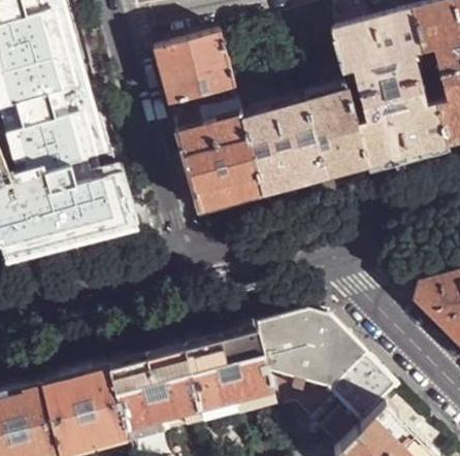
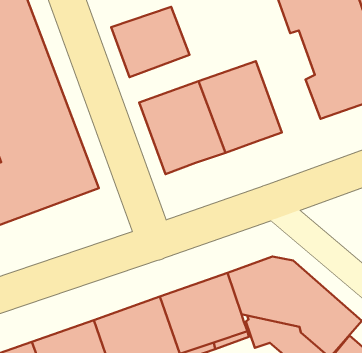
building: [170,89,243,135] -> none
building: [306,90,370,180] -> none

